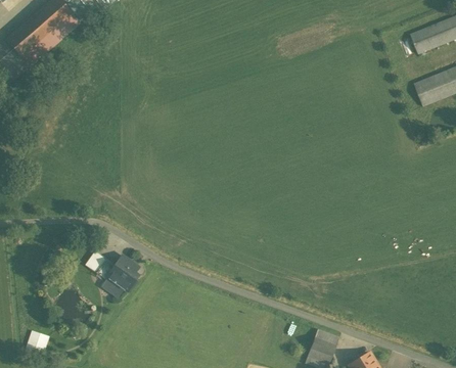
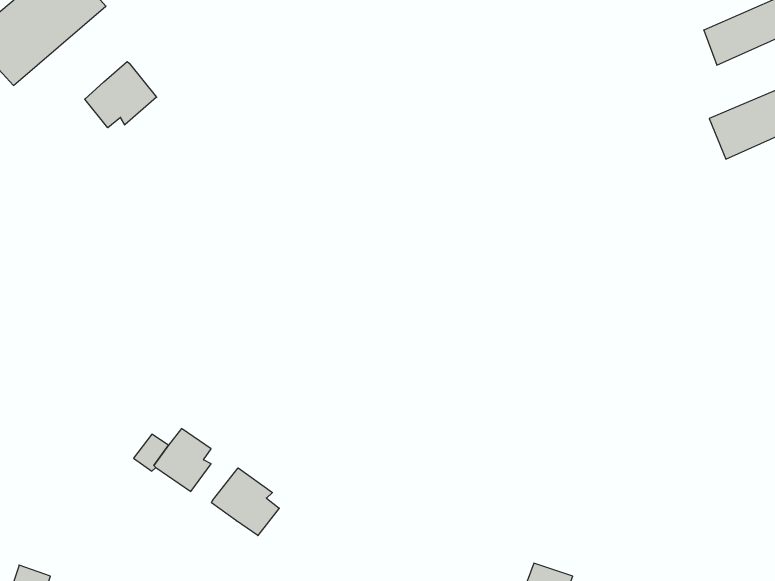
building: none -> [85,62,157,128]
building: none -> [212,468,279,536]

